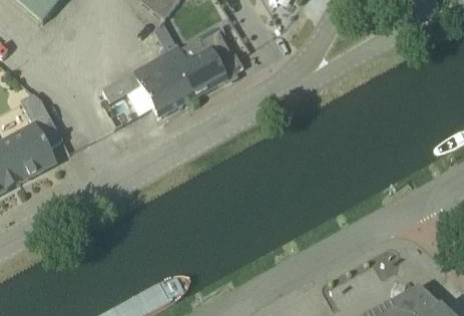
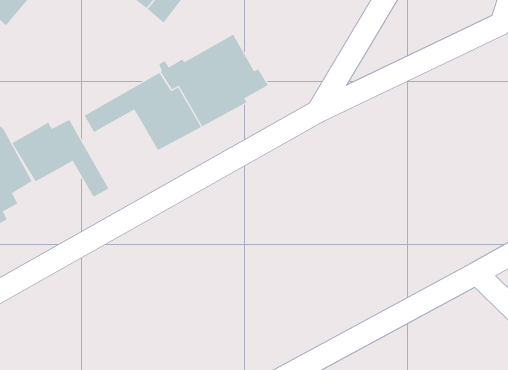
building: none -> [11,119,109,197]

